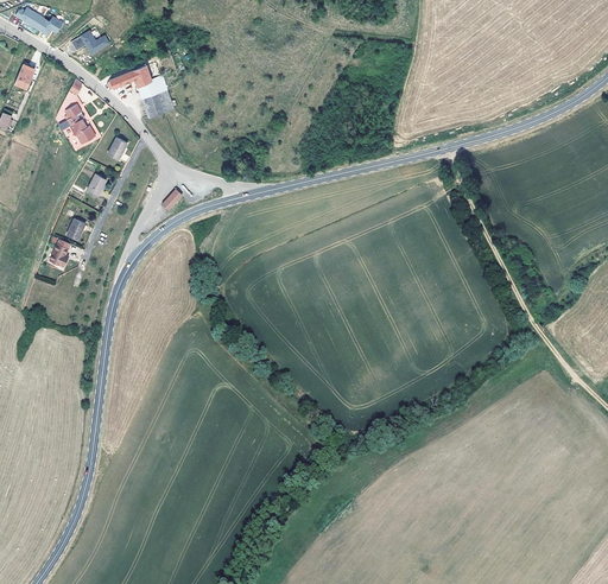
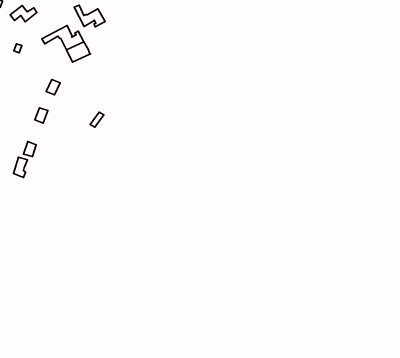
building: none -> [74,5,105,27]
building: [65,104,95,145] -> none

